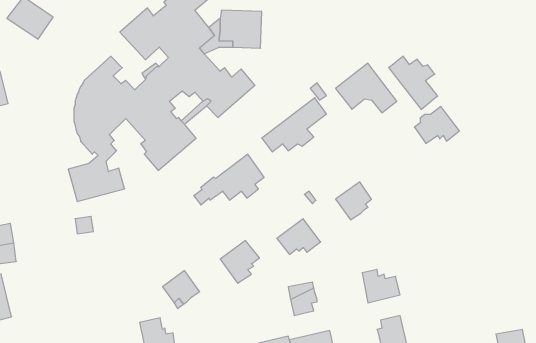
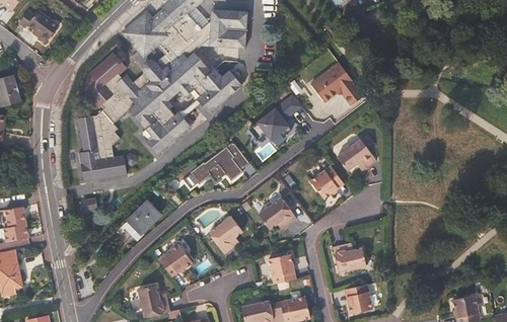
building: [389,56,438,109] -> none
building: [414,107,459,143] -> [336,140,375,172]
building: none -> [127,202,159,234]

